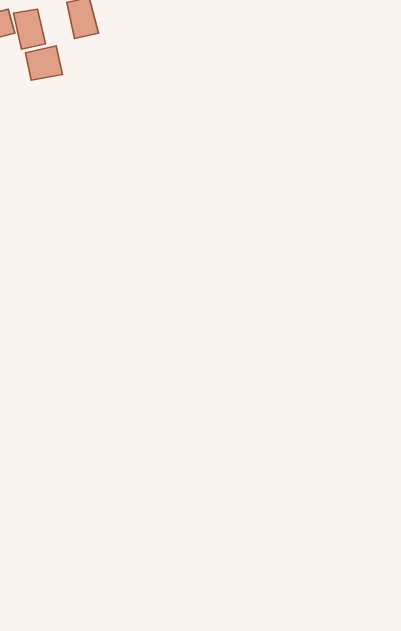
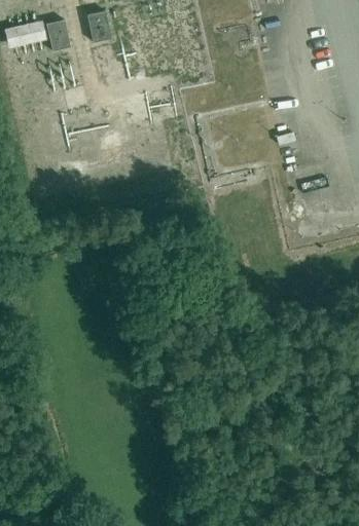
building: [25,46,63,80] -> none

